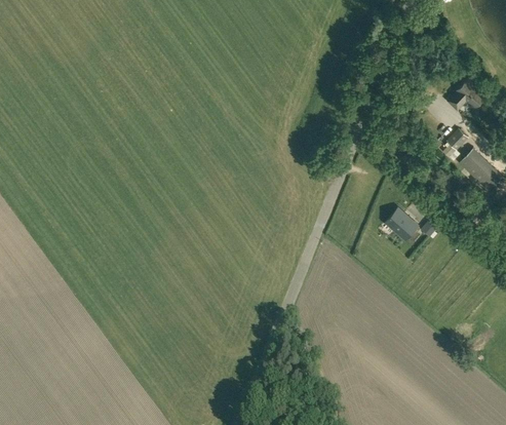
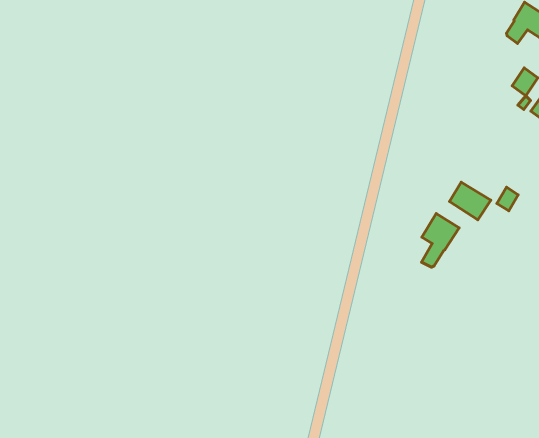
building: none -> [422,214,459,267]

